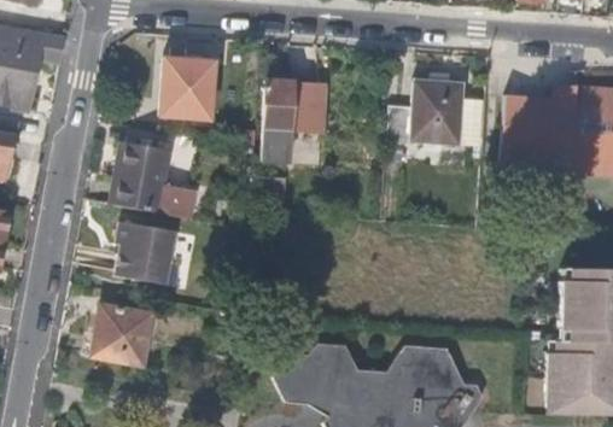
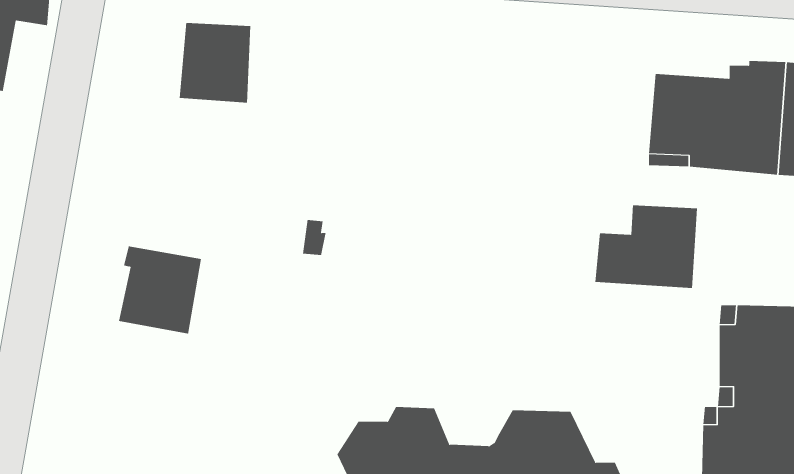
building: [264,80,325,162] -> none
building: [387,83,463,145] -> [594,205,698,289]
building: [110,144,194,220] -> none
building: [83,304,152,367] -> none

